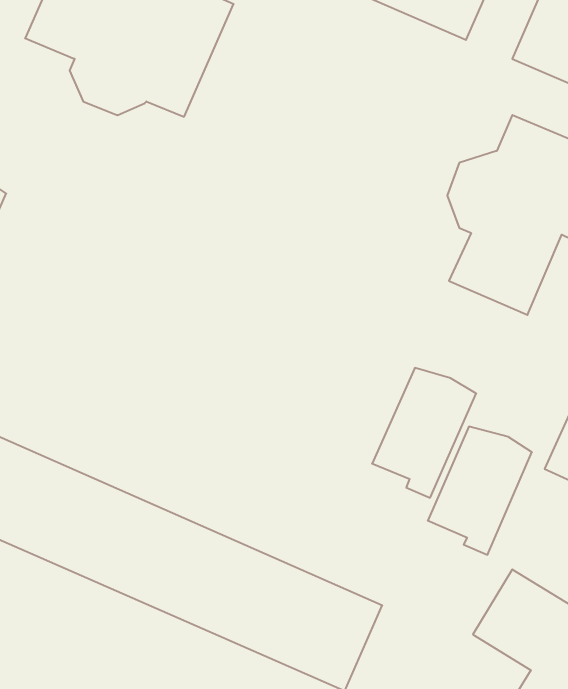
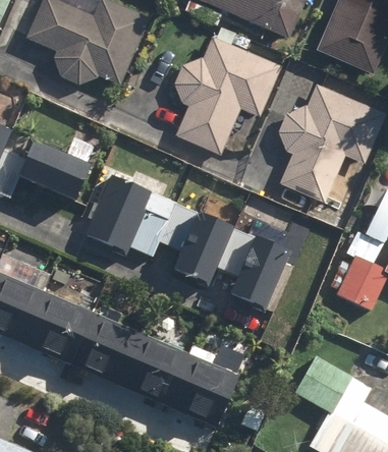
building: none -> [174,37,281,155]
building: none -> [19,137,94,201]
building: none -> [85,174,174,256]
building: [428,427,532,555] -> [175,211,237,287]

